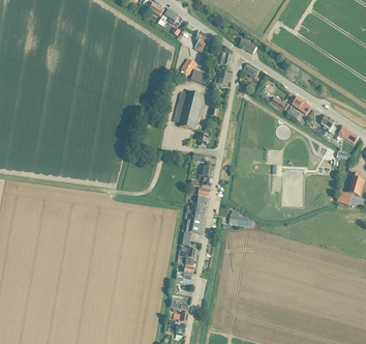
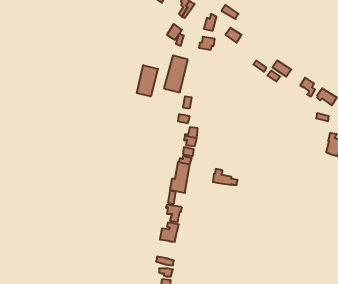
building: none -> [137,65,158,96]

